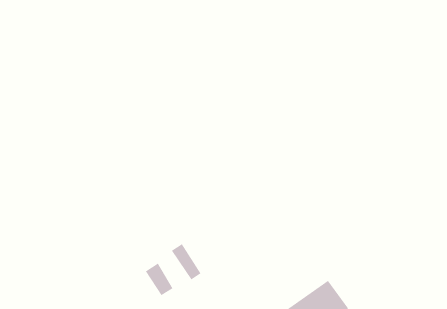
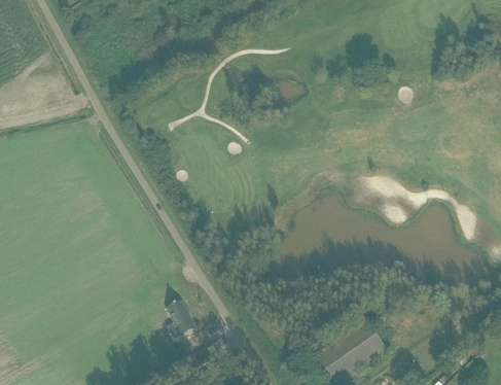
building: [171,243,201,280] -> none

